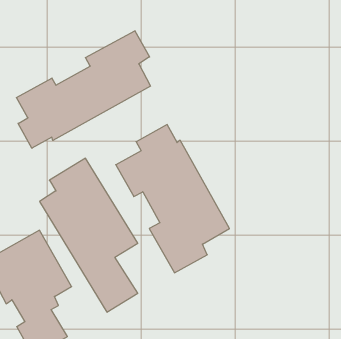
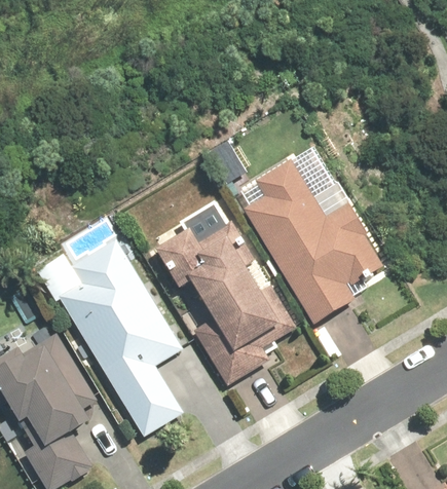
building: [16,31,150,148] -> none
building: none -> [244,159,385,325]

